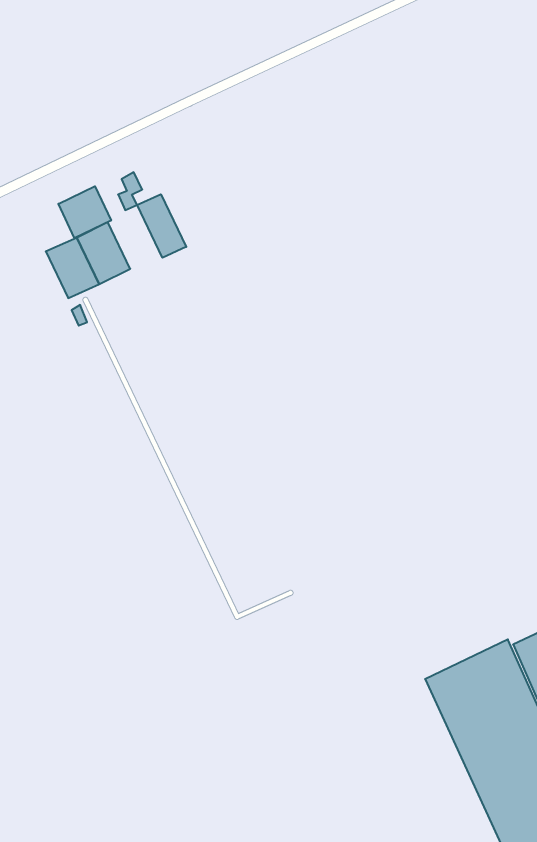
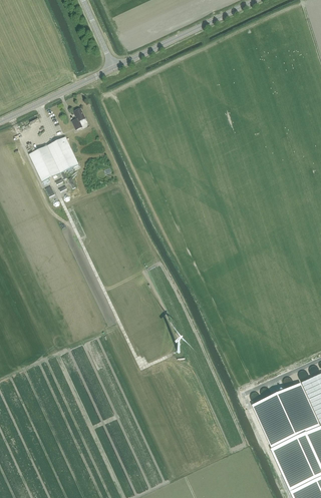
building: [58,186,111,238] -> none
building: [137,194,186,258] -> none

